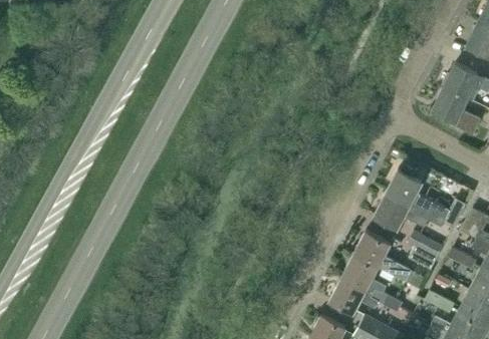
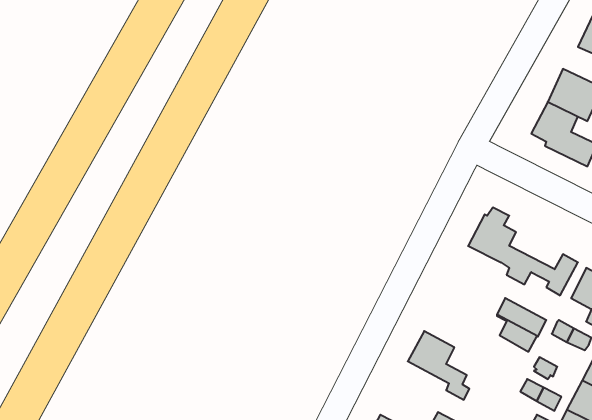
building: [375,193,446,229] -> none
building: [354,232,411,282] -> none
building: [329,277,402,313] -> none

